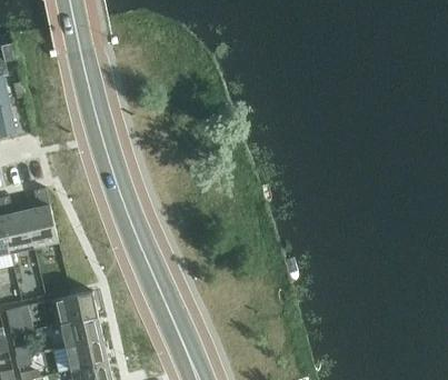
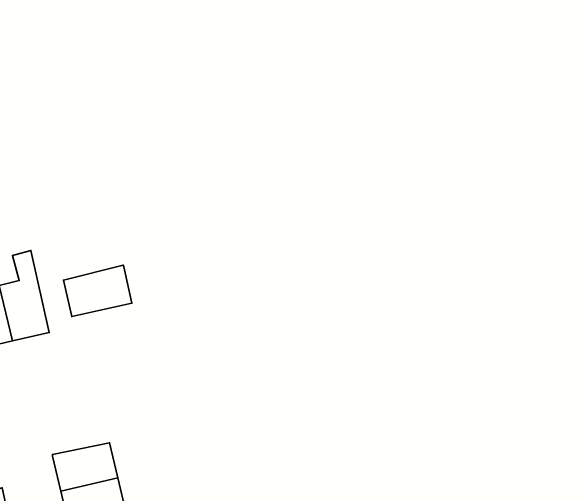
building: none -> [64,265,132,317]
building: [50,290,96,324] -> none

